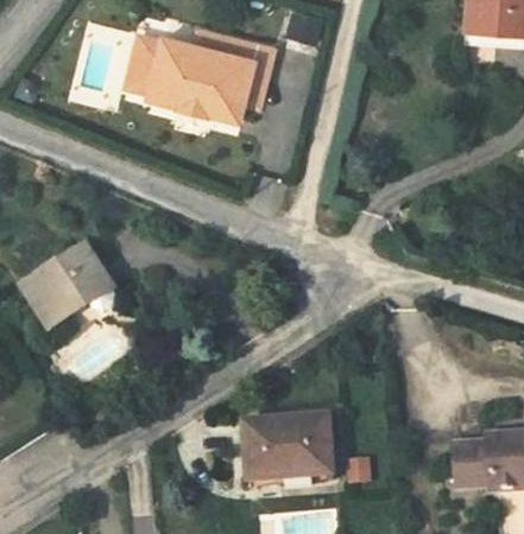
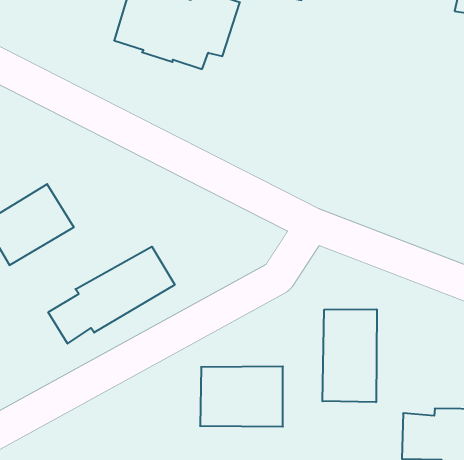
building: none -> [48,247,175,344]
building: none -> [322,309,377,402]

